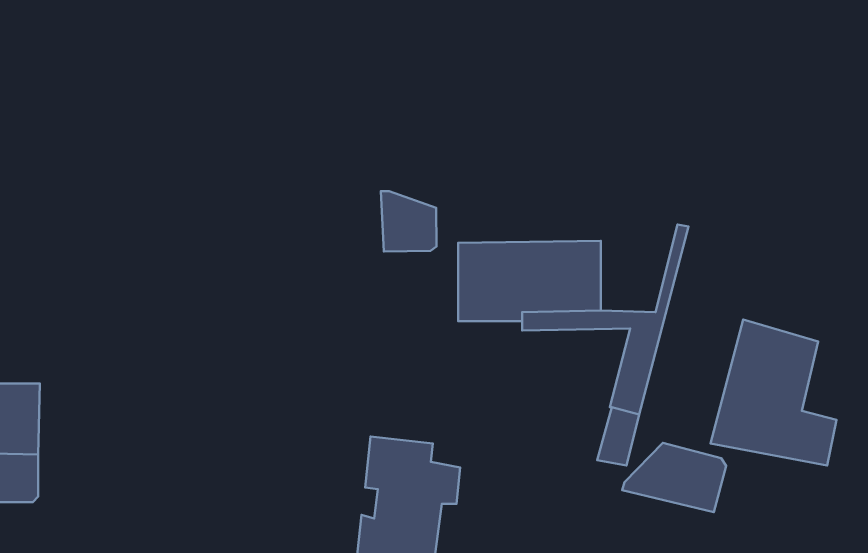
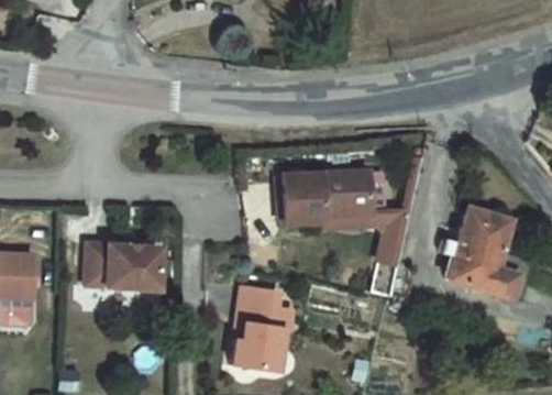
building: [381,191,437,252] -> none
building: none -> [87,246,158,292]
building: [622,443,726,512] -> none

